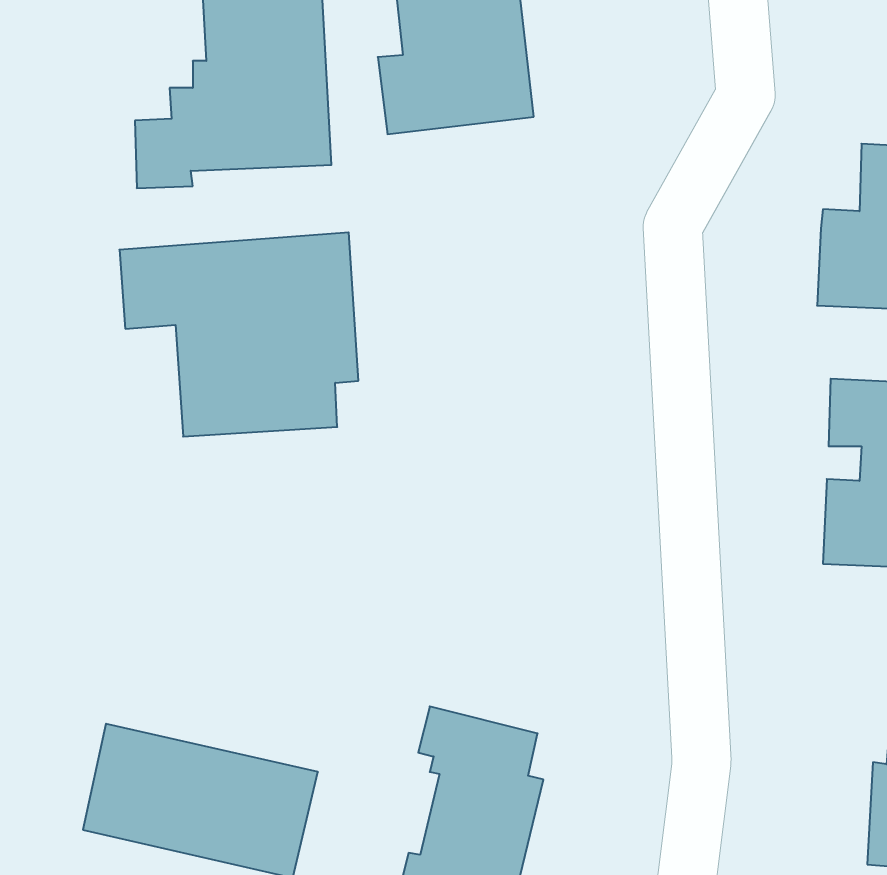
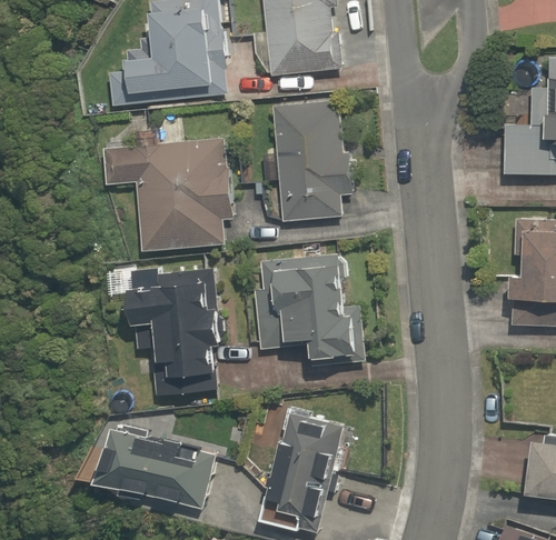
building: none -> [259,103,360,226]
building: none -> [240,252,373,363]
building: none -> [117,267,236,398]

